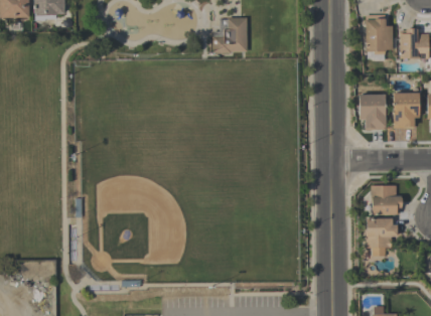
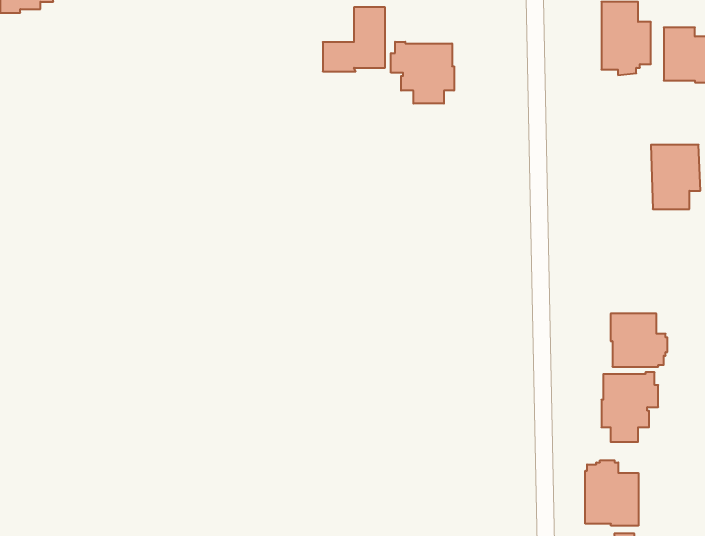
building: none -> [391,42,454,104]
building: [358,94,386,130] -> none
building: none -> [585,460,638,526]

